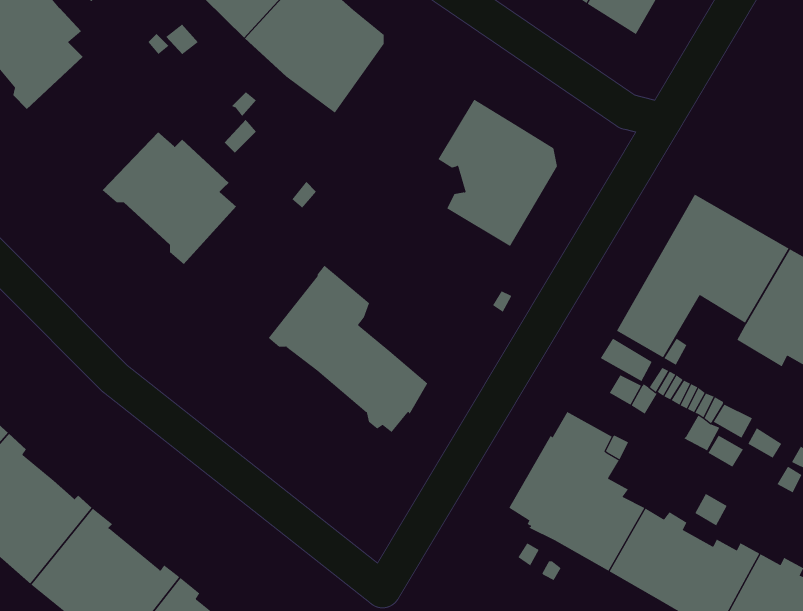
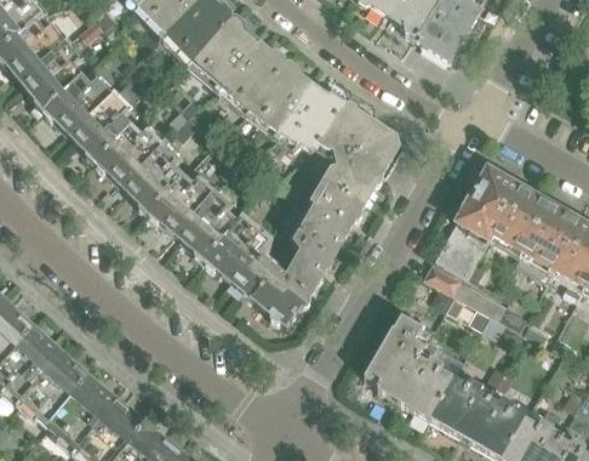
building: none -> [248,64,341,148]
building: none -> [44,74,131,163]
building: none -> [148,173,236,261]
building: none -> [276,175,365,291]

